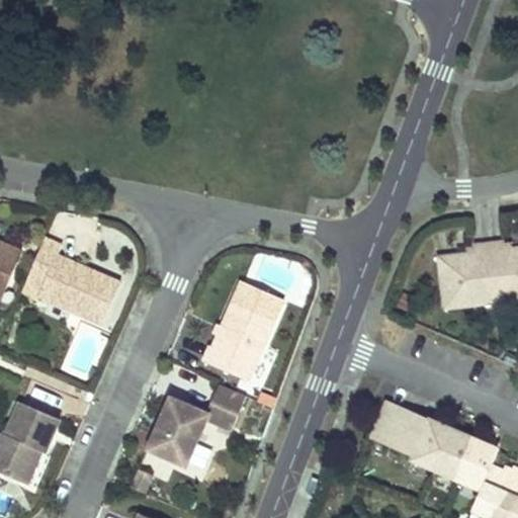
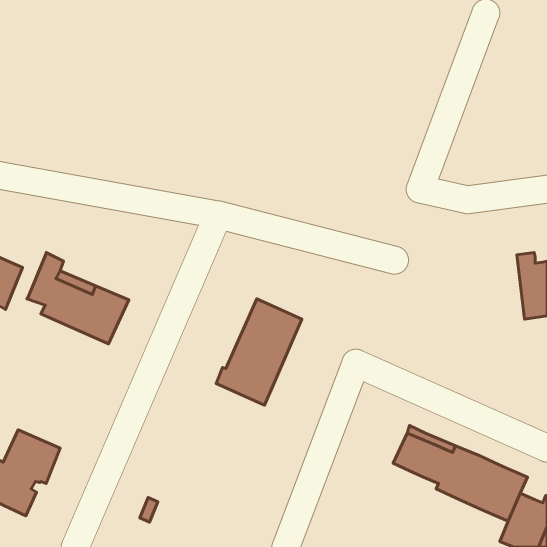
building: [437,240,494,306] -> none
building: [148,384,247,467] -> none

